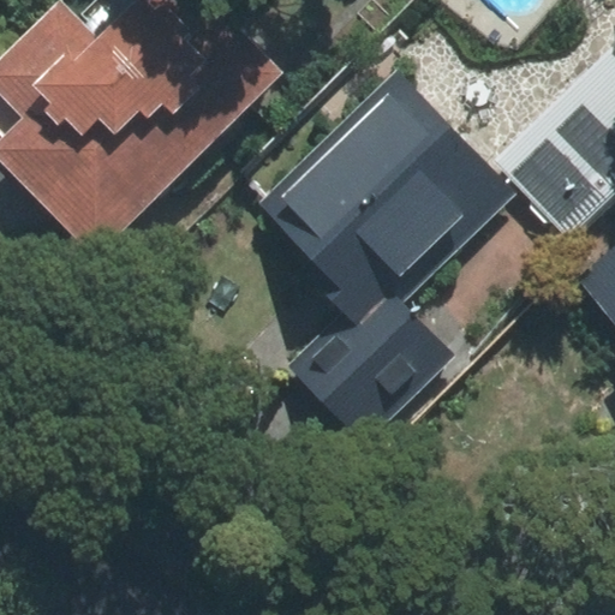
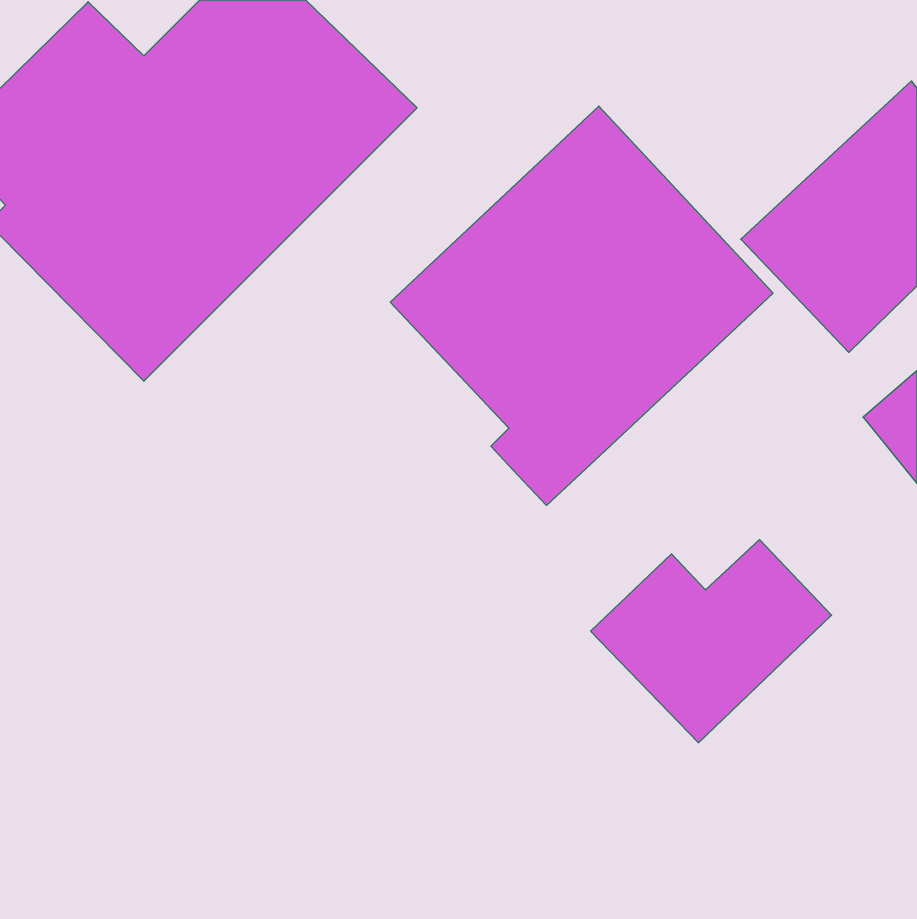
building: [288,304,449,440] -> [591,540,832,743]

